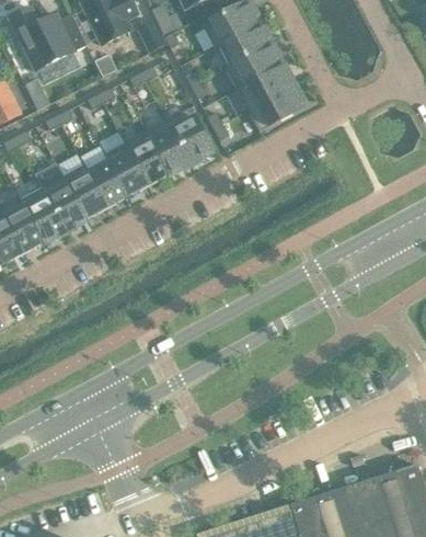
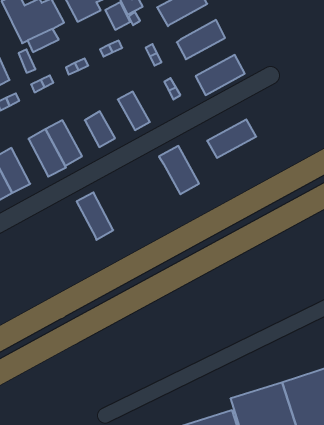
building: [217,21,272,65] -> none
building: [234,62,295,110] -> [207,119,256,158]
building: [164,106,214,165] -> [159,146,199,194]
building: [124,128,171,185] -> none
building: [87,157,128,207] -> none
building: [21,186,66,244] -> [77,192,113,240]

